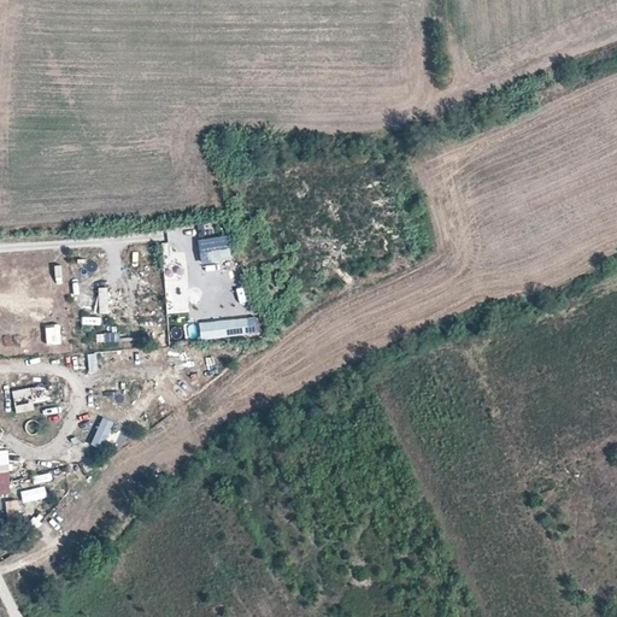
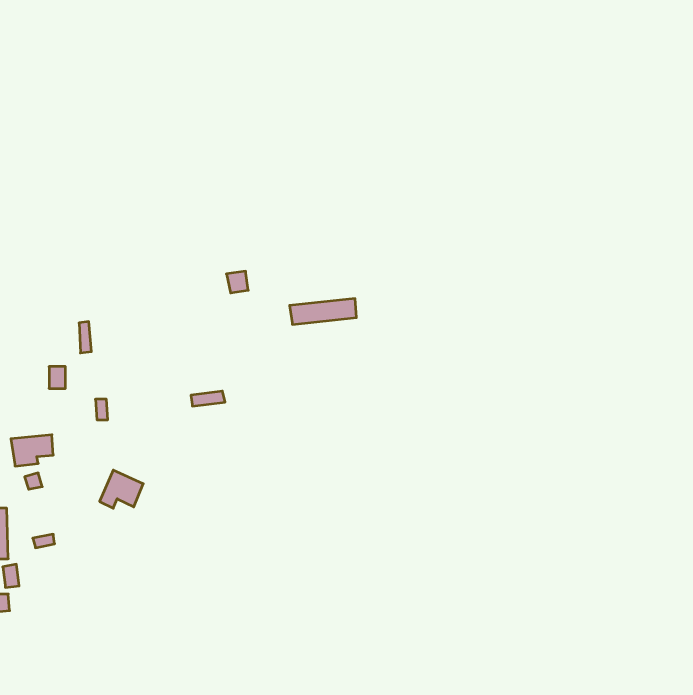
building: [198,317,257,340] -> [290,299,356,324]

